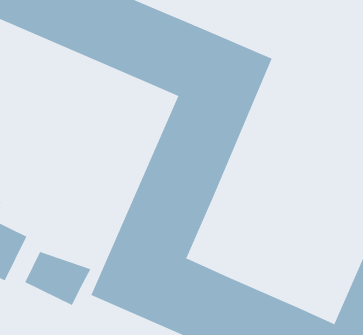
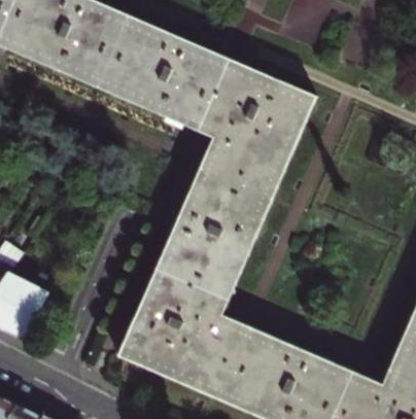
building: [24,251,91,306] -> none

